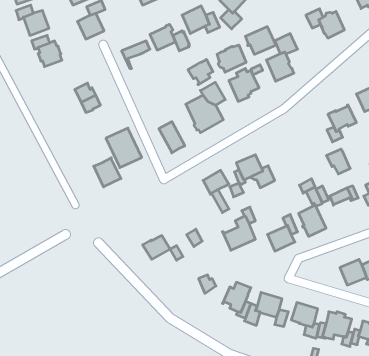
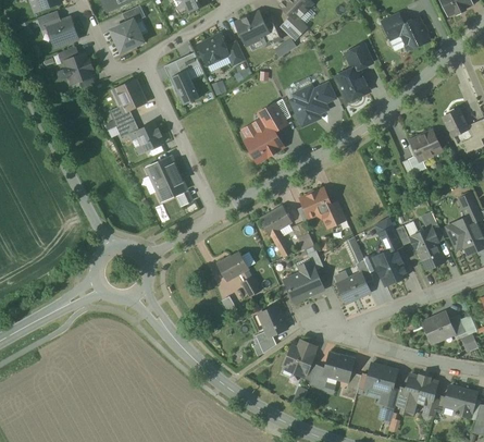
building: [245,27,276,54] -> none
building: [217,45,246,72] -> none
building: none -> [171,69,198,103]
building: [188,59,213,85] -> none
building: none -> [115,79,145,111]
building: none -> [129,123,162,150]
building: [159,122,185,153] -> none
building: [326,149,350,174] -> [415,240,444,269]
building: [94,158,121,187] -> none
building: [143,236,170,259] -> [215,253,248,281]
building: none -> [258,306,286,336]

